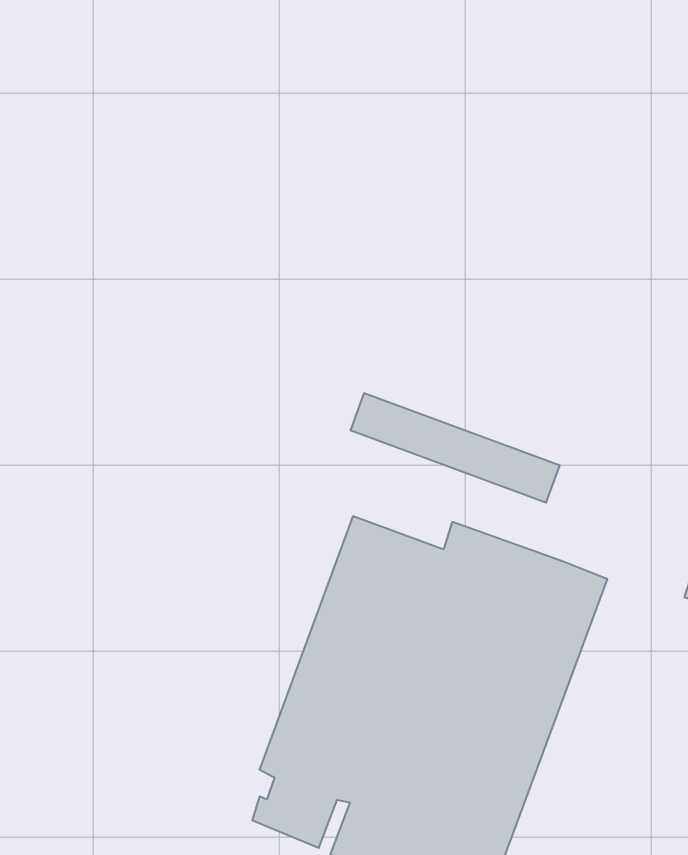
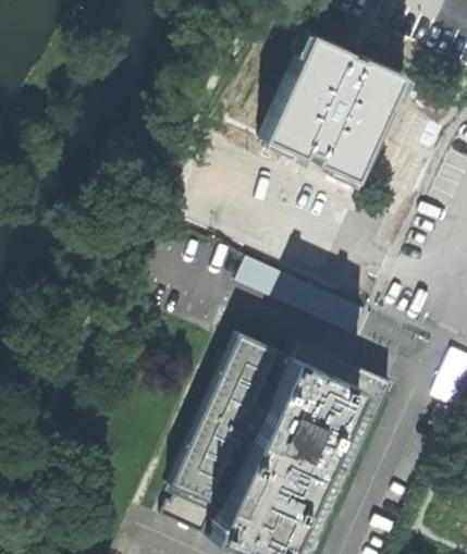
building: none -> [262,34,402,181]

